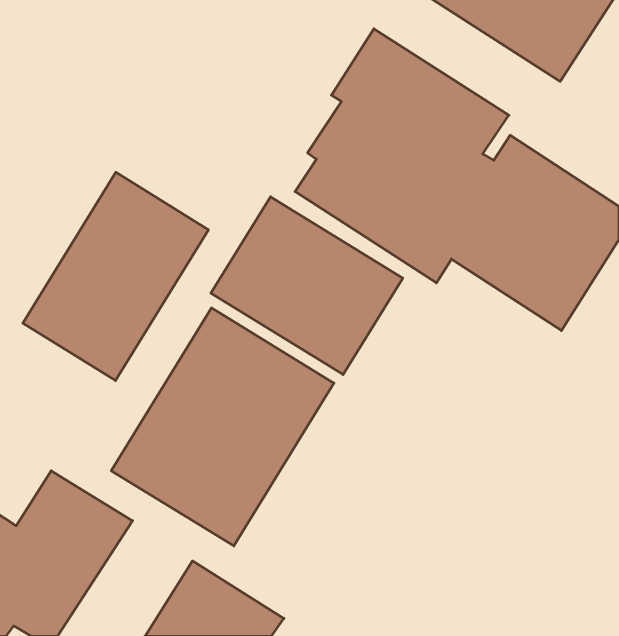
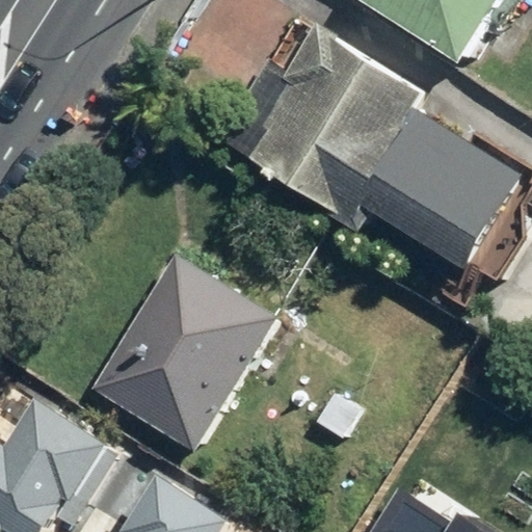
building: [23,172,208,381] -> none
building: [211,197,403,375] -> none

